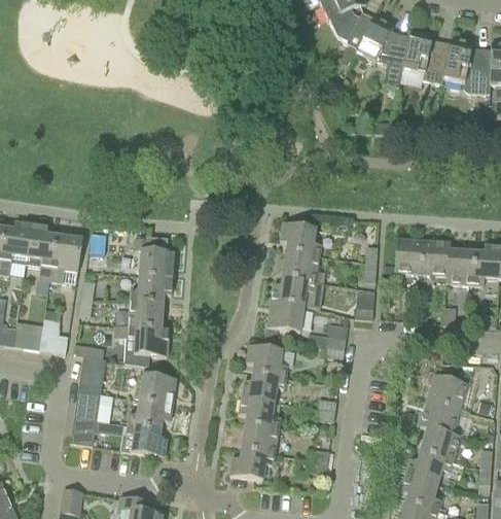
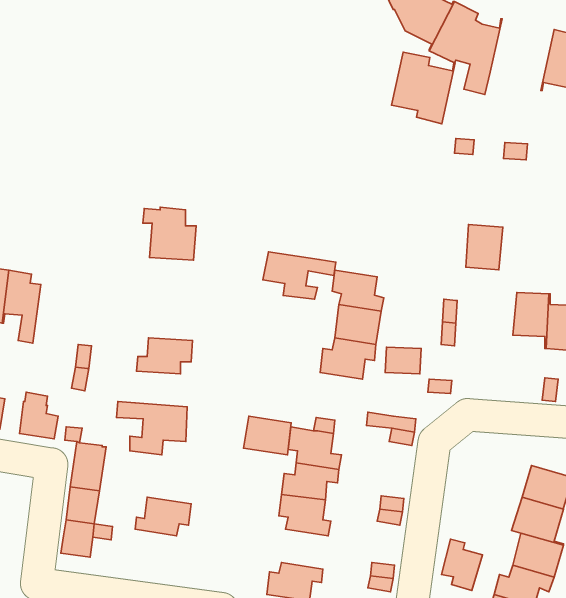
building: [403,29,453,84] -> [391,52,455,124]
building: none -> [263,252,336,299]
building: [49,235,82,283] -> none
building: [134,237,175,278] -> [143,207,196,260]
building: [395,239,424,274] -> [466,225,503,270]
building: [129,302,169,330] -> none
building: [267,303,305,333] -> [243,416,291,455]
building: [138,374,176,405] -> none
building: [120,424,167,457] -> none
building: [242,424,278,455] -> none
building: none -> [442,539,482,591]

